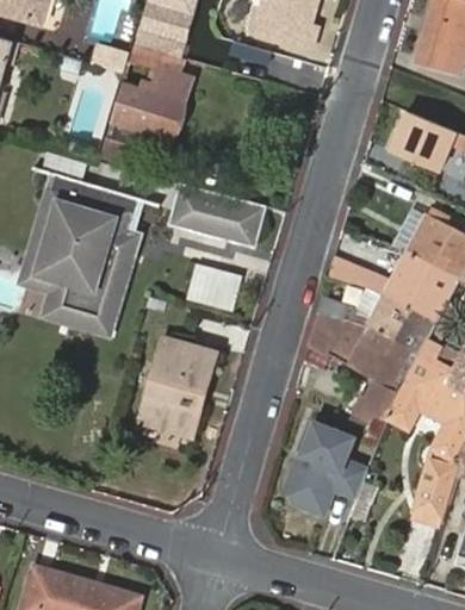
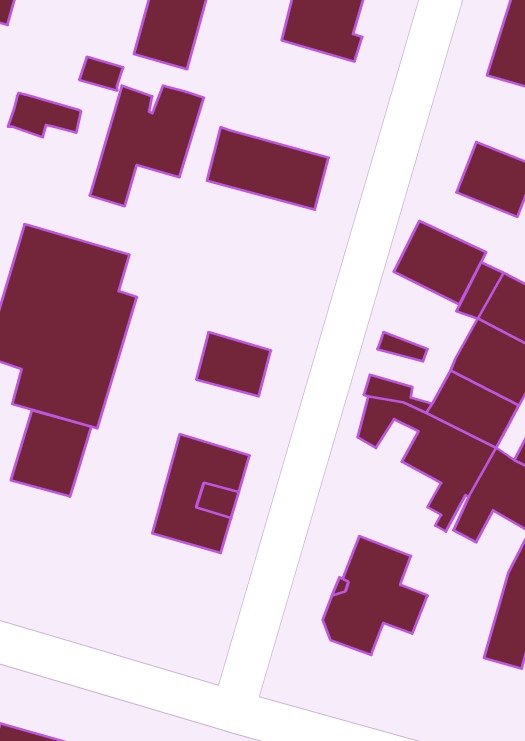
building: [124,43,181,77] -> [8,93,81,137]
building: none -> [394,221,486,305]
building: [169,183,265,248] -> [207,127,329,210]
building: none -> [11,410,91,497]

